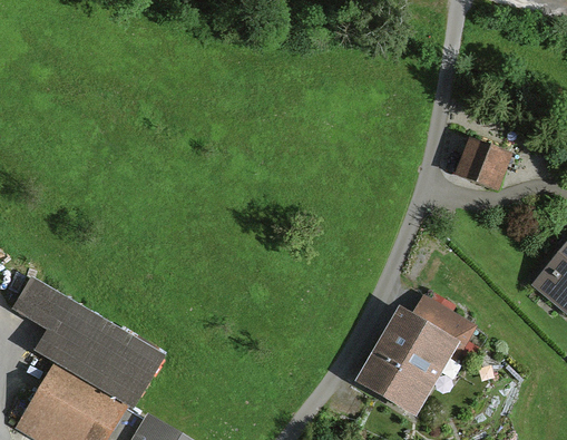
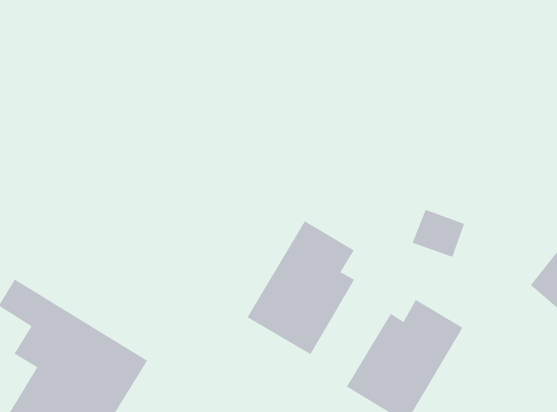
building: [457,139,509,187] -> [412,209,465,258]
building: none -> [246,220,355,355]

